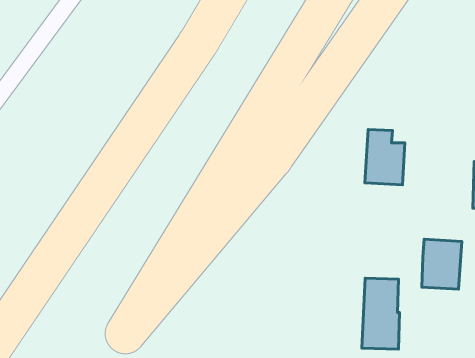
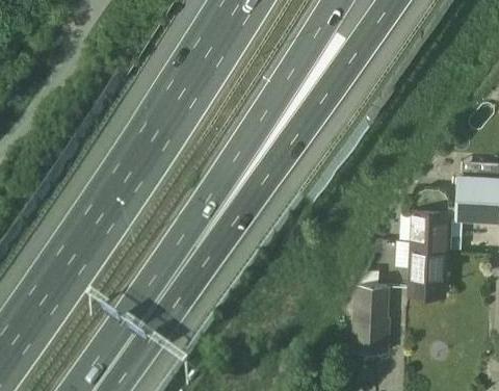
building: [365,129,405,185] -> [411,200,448,252]

